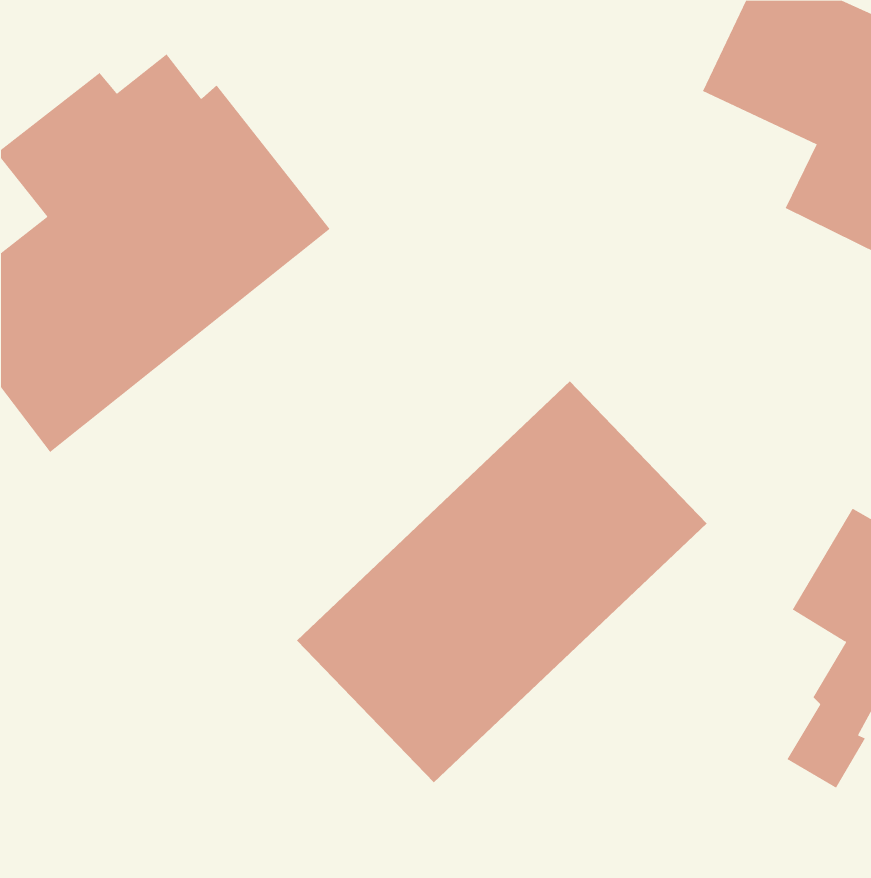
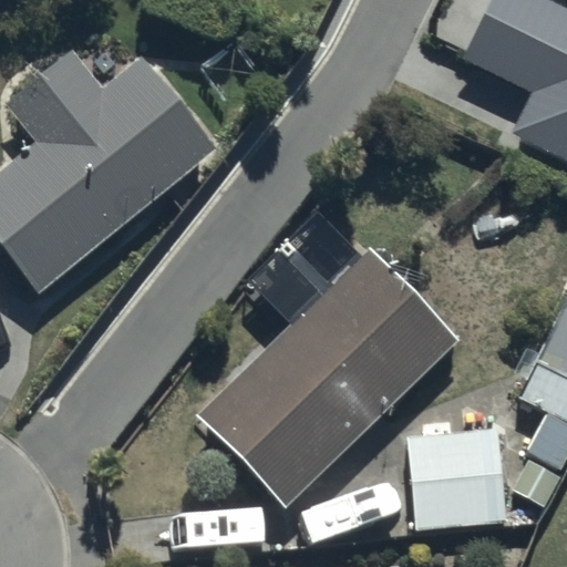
building: none -> [408,423,506,528]

